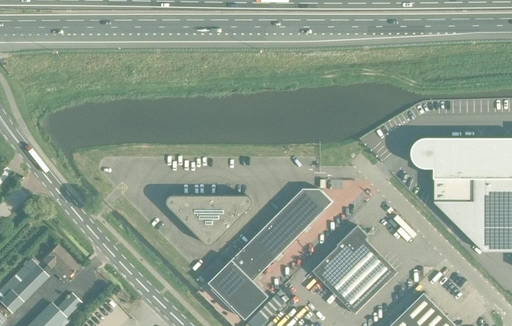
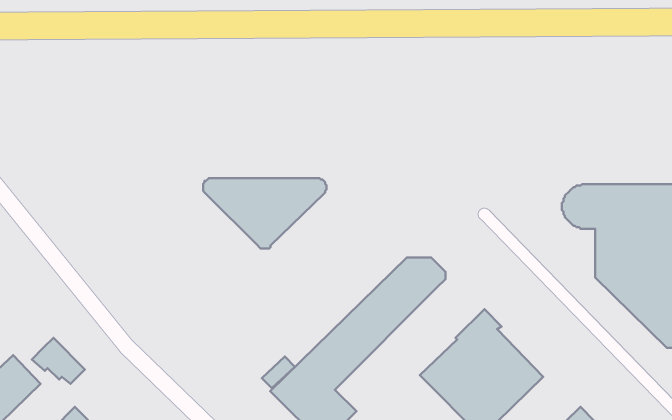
building: [167,196,253,245] -> [203,178,327,248]

